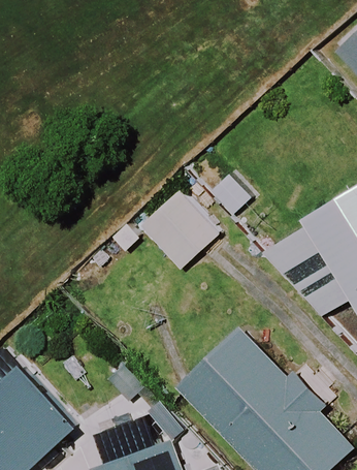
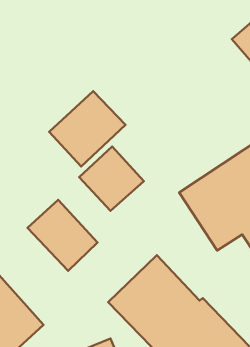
building: none -> [49,91,126,166]
building: none -> [28,200,98,271]

